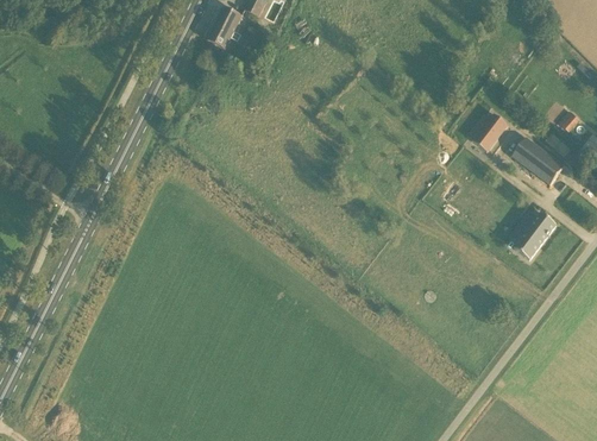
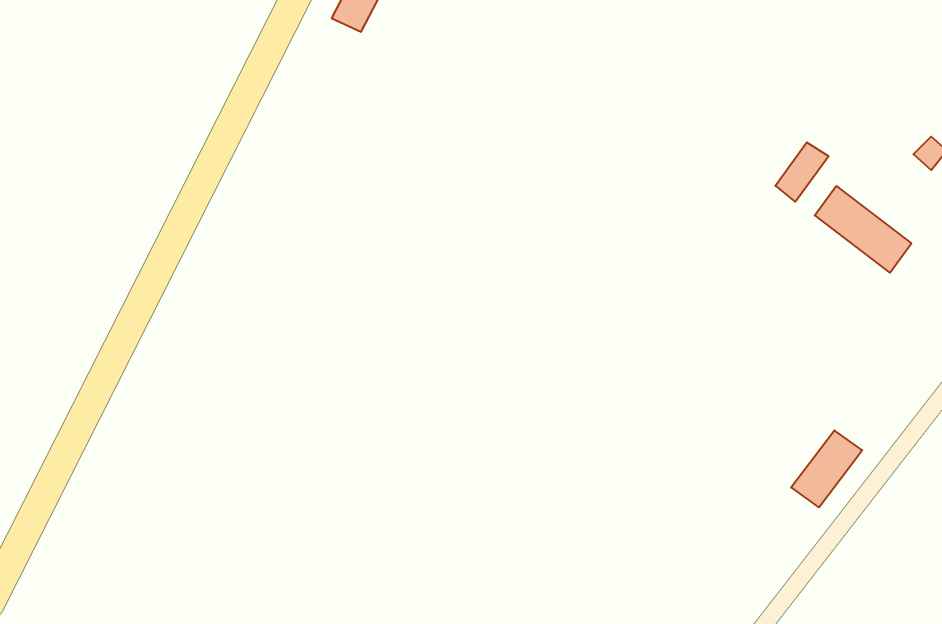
building: [517,207,560,253] -> [791,430,862,507]

